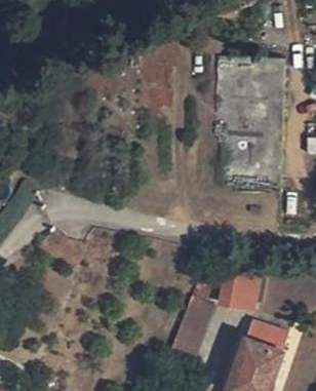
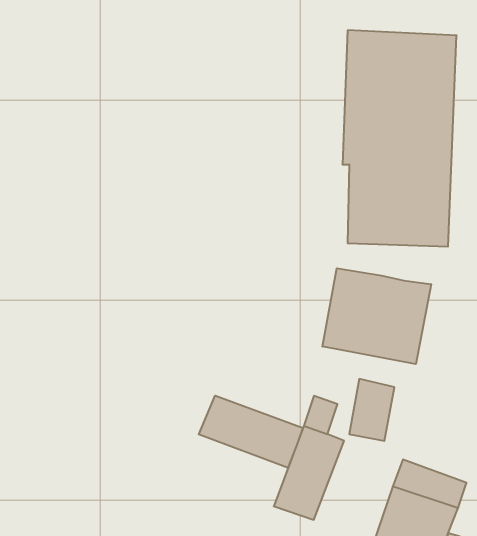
building: none -> [322,268,431,364]
building: none -> [199,396,303,468]

